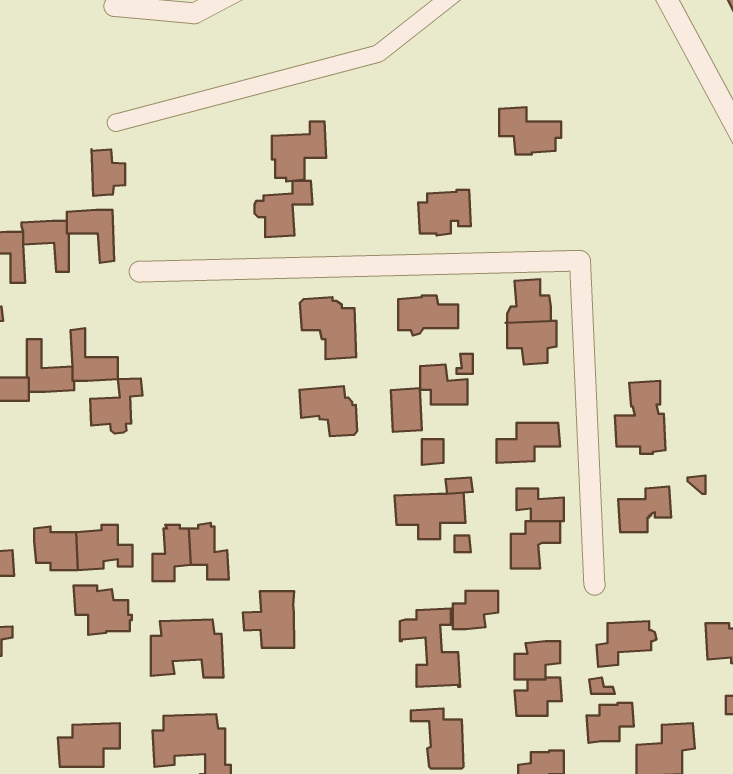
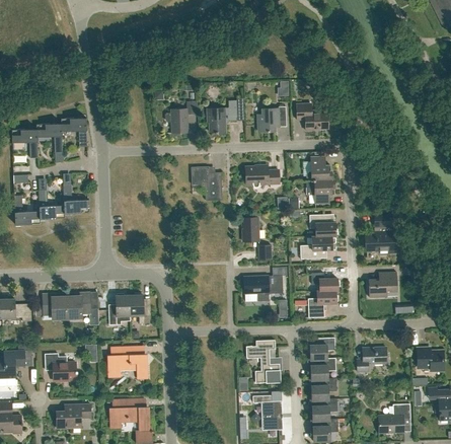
building: [499,107,561,154] -> [296,103,330,130]
building: [272,121,326,181] -> [207,100,237,134]
building: [91,149,125,196] -> none
building: [420,364,467,405] -> [309,214,335,236]
building: [90,379,142,433] -> none
building: [300,386,357,436] -> none
building: [74,586,132,635] -> [45,354,77,381]
building: [453,591,498,629] -> [309,338,334,359]
building: [243,591,294,648] -> none
building: [587,703,634,743] -> [311,398,337,421]

